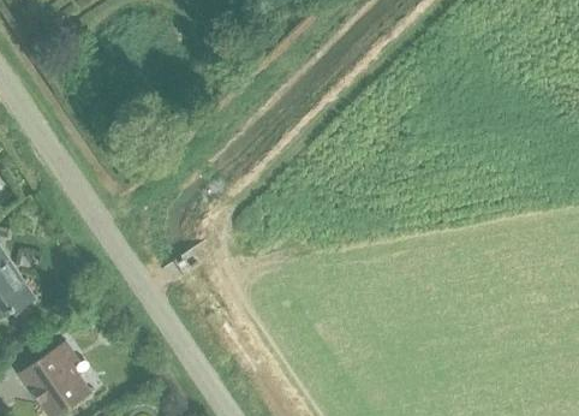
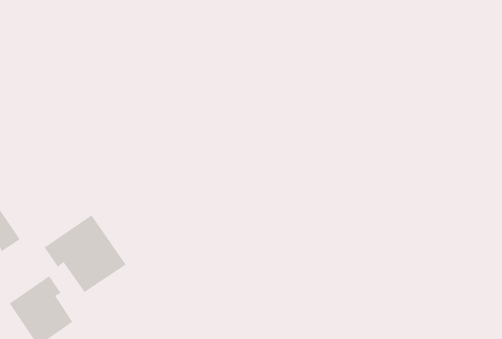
building: none -> [44,215,126,293]

